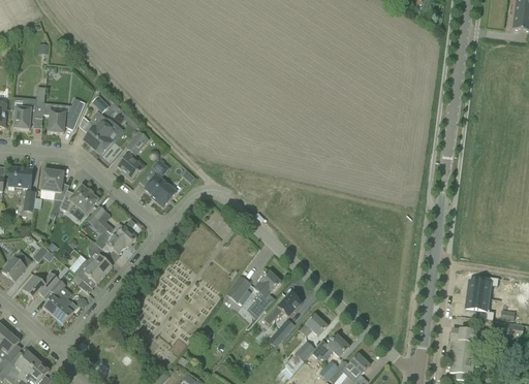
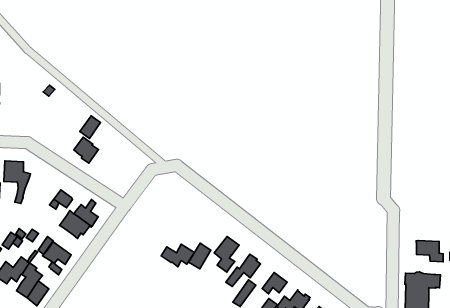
building: [48,99,85,132] -> none
building: [83,110,113,154] -> none
building: [144,159,176,206] -> none
building: [59,186,97,215] -> none
building: [87,241,112,275] -> none
building: none -> [161,244,194,267]
building: [466,276,498,298] -> none

